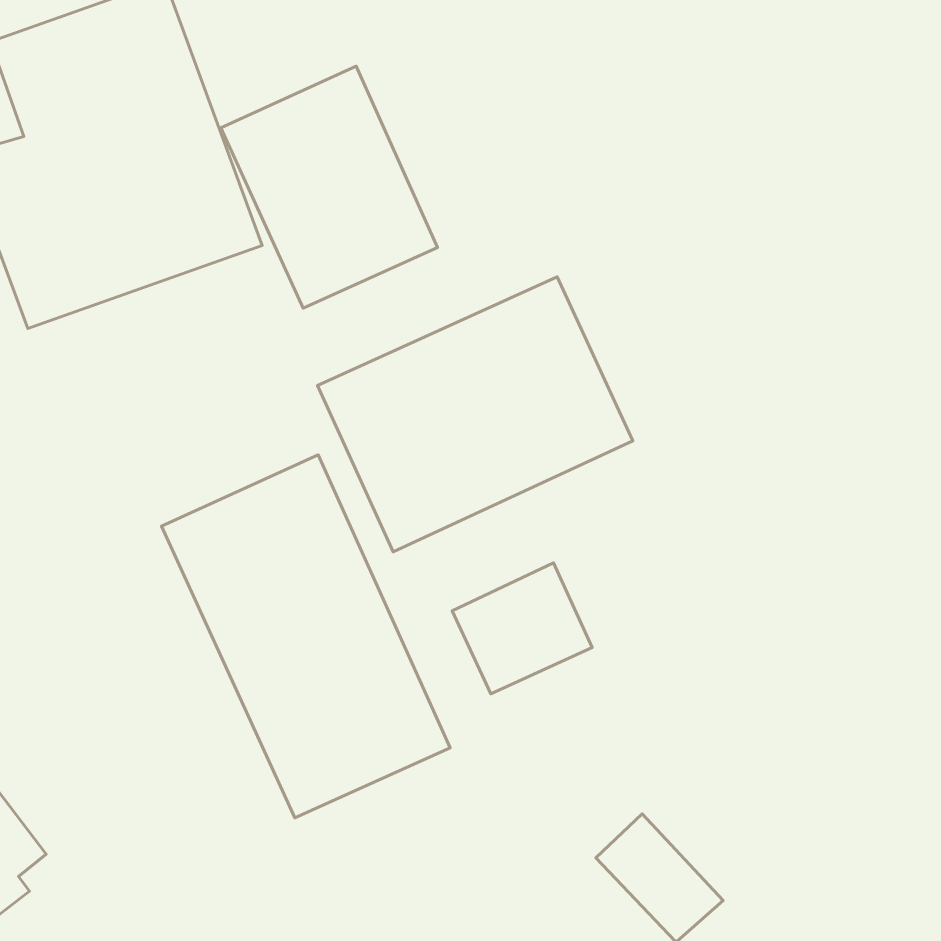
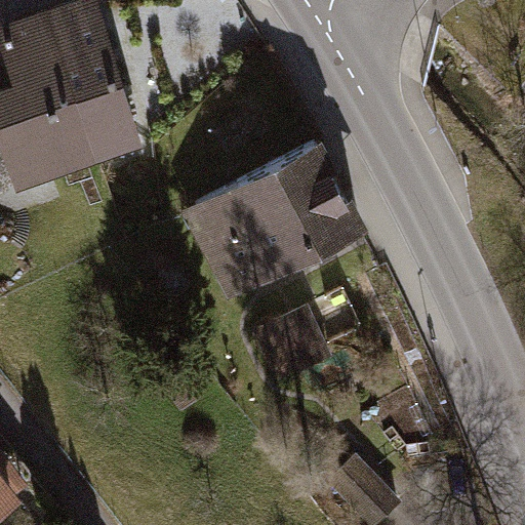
building: [221,66,438,308] -> none
building: [162,455,450,818] -> none

